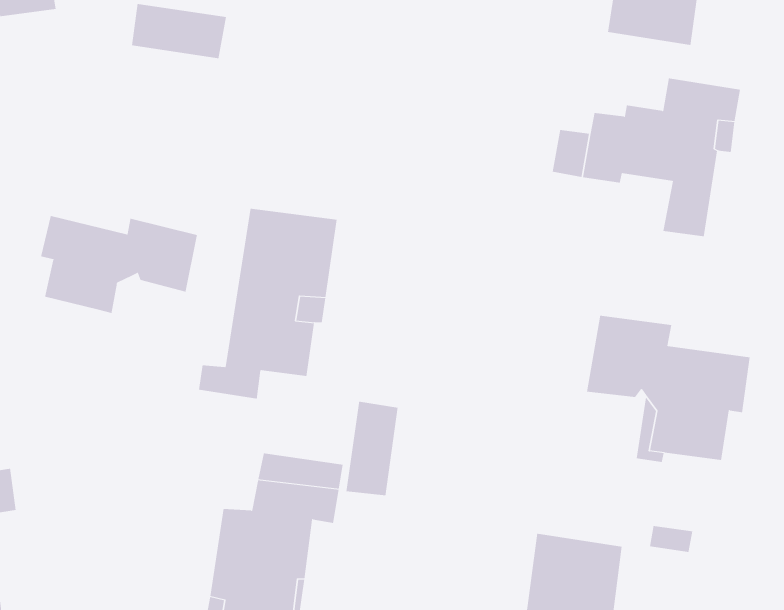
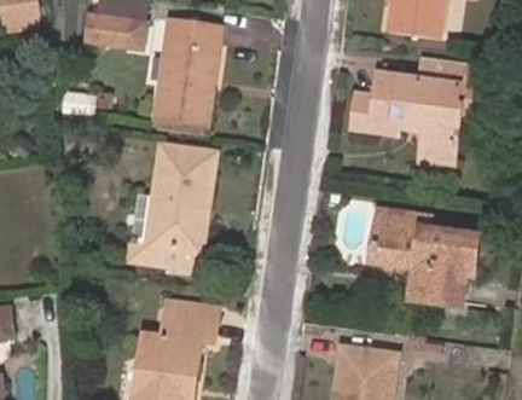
building: none -> [155,18,222,122]
building: [41,215,197,314] -> none
building: [346,401,398,496] -> none

